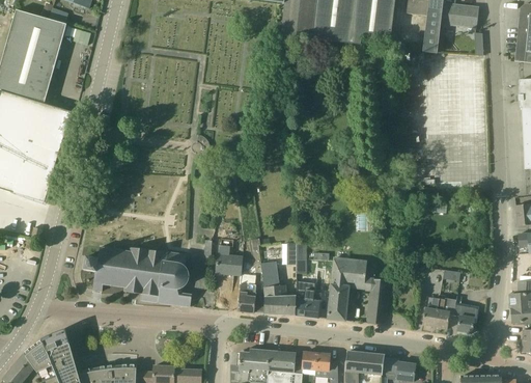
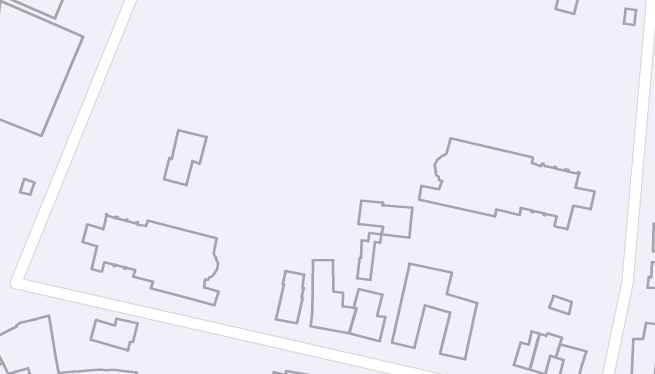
building: none -> [419,138,594,229]
building: none -> [164,130,207,185]
building: none -> [359,201,412,238]
building: [216,252,243,274] -> none
building: none -> [91,319,138,351]

